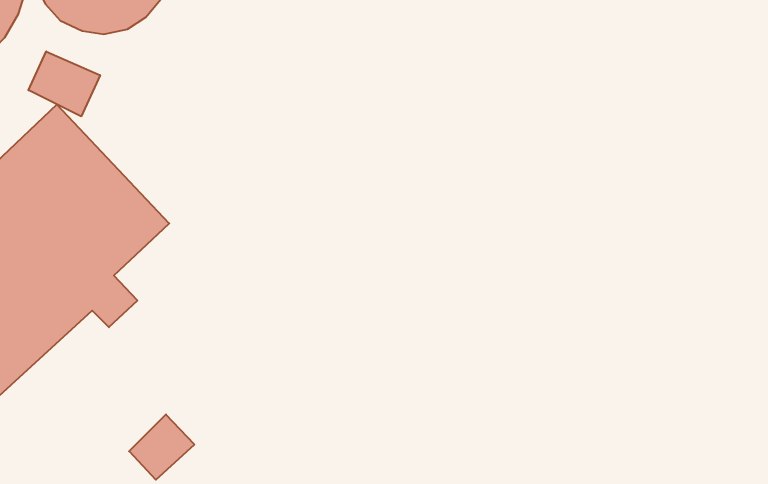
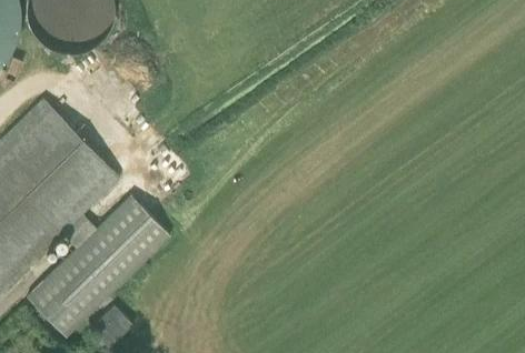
building: [28,51,100,116] -> none
building: none -> [24,195,170,336]

